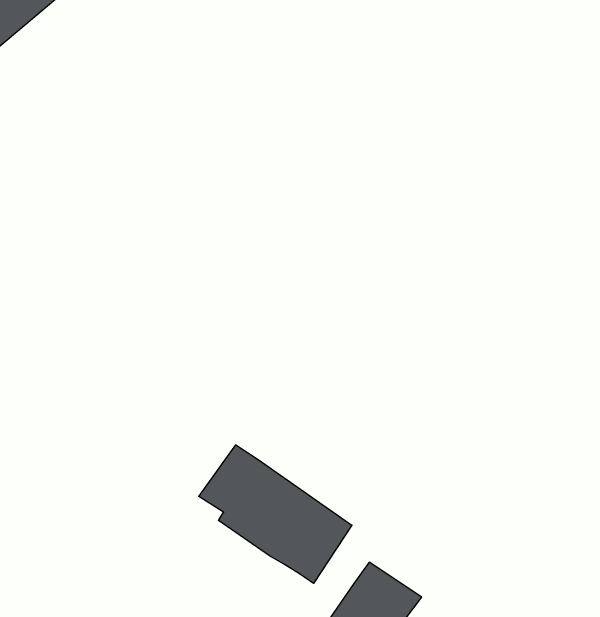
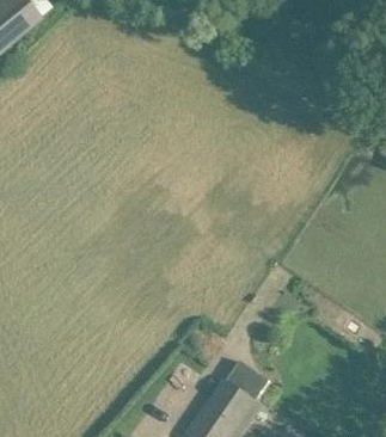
building: [199,445,352,583] -> none

